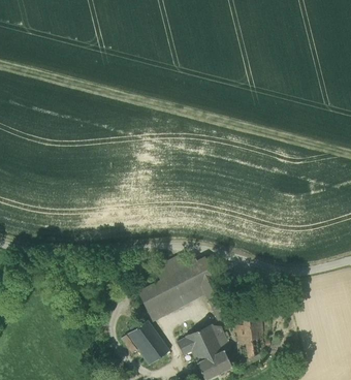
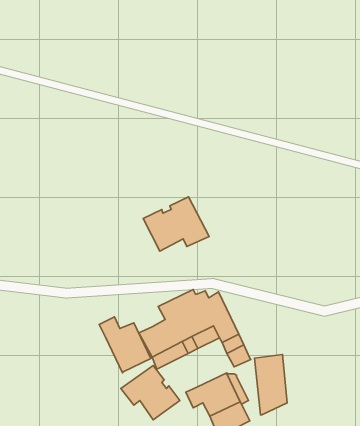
building: none -> [143,197,209,251]
building: none -> [99,317,151,373]

